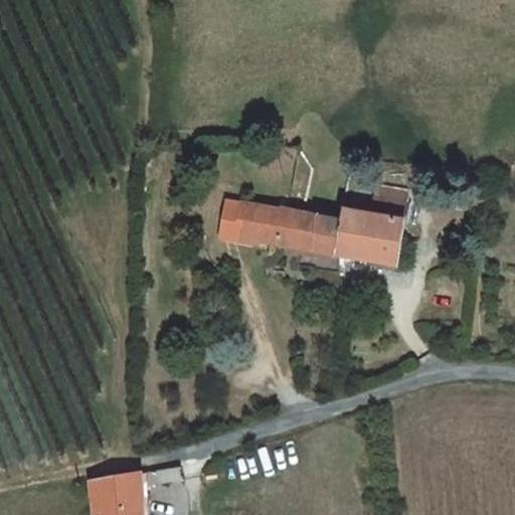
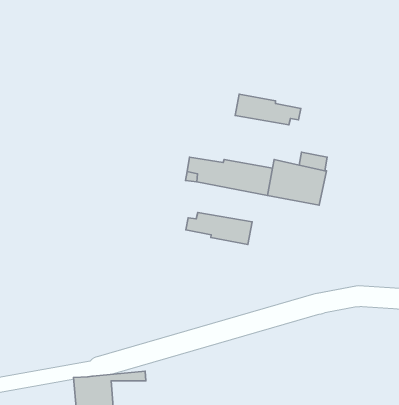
building: none -> [235,94,301,125]
building: none -> [186,213,252,244]

